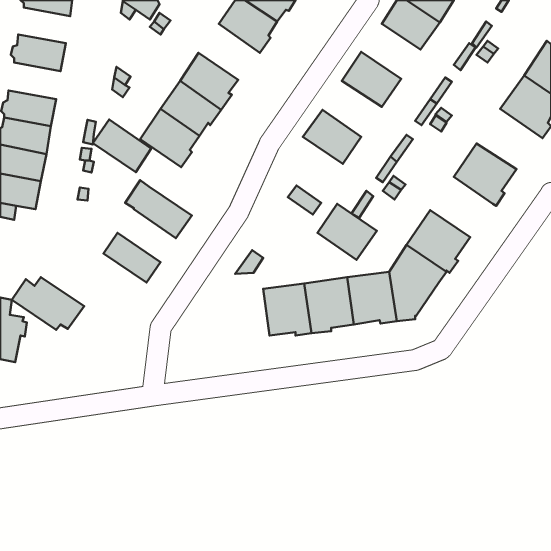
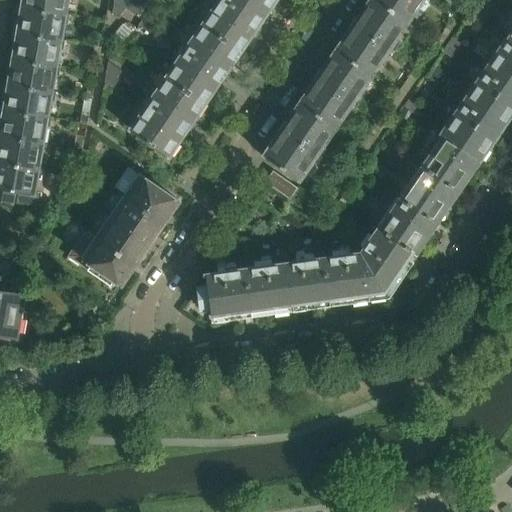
building: none -> [15,7,65,40]
building: none -> [184,22,241,74]
building: none -> [335,22,390,73]
building: none -> [6,58,56,92]
building: none -> [299,75,354,127]
building: none -> [442,101,500,160]
building: [93,119,151,172] -> [109,194,163,243]
building: none -> [399,164,457,222]
building: [318,204,377,260] -> [263,127,318,179]
building: [12,277,84,330] -> [69,235,136,284]
building: none -> [198,268,250,320]

